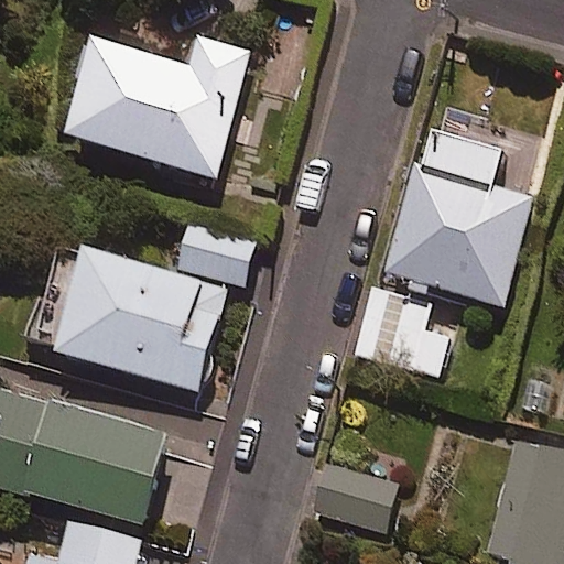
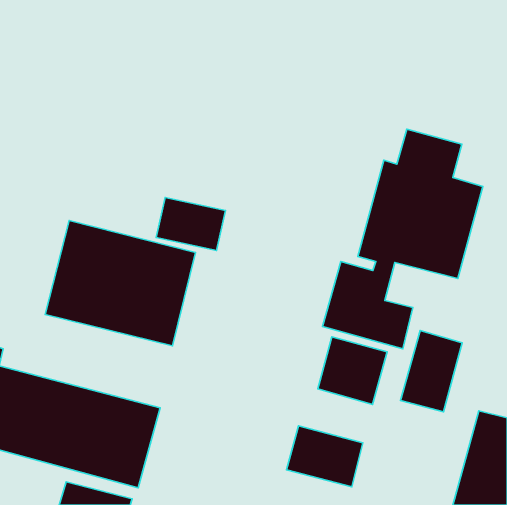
building: [66,31,241,170] -> none
building: none -> [401,330,462,412]
building: none -> [318,337,387,404]

